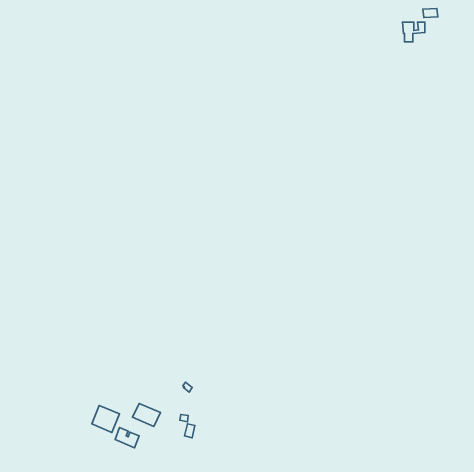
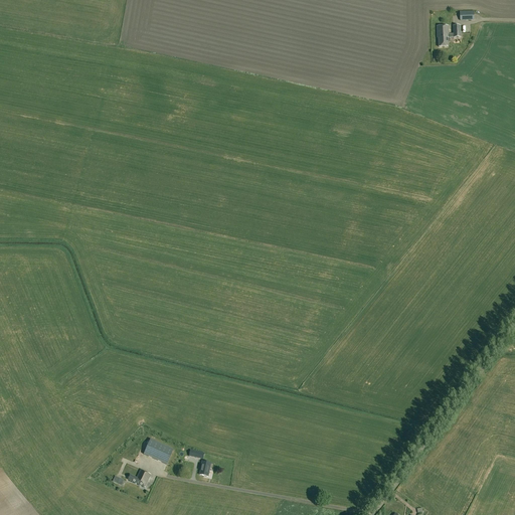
building: [92,405,119,432] -> none

